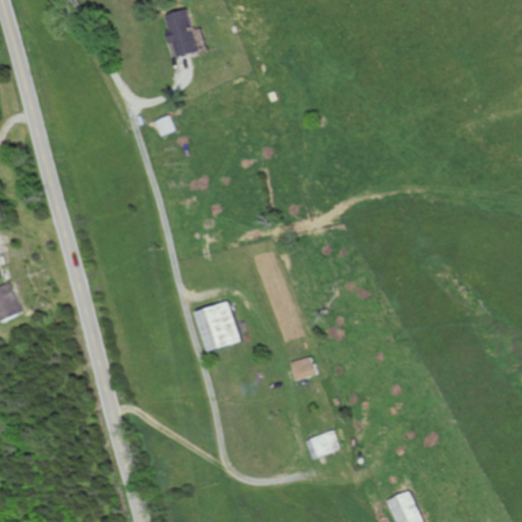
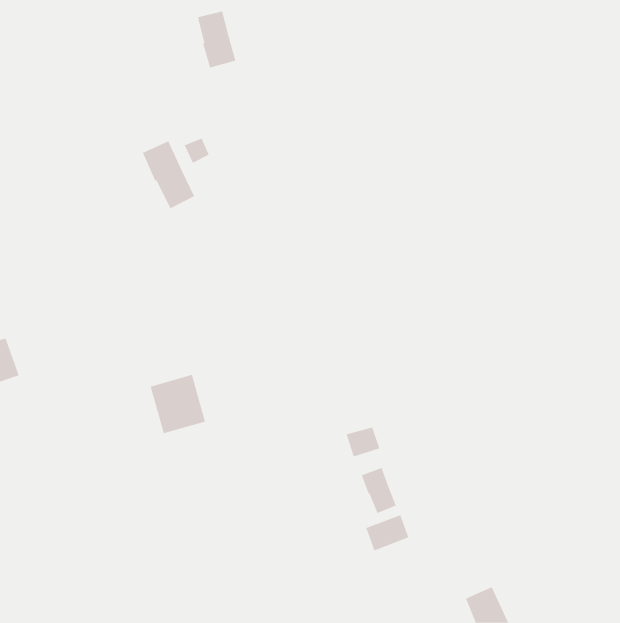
building: none -> [142,140,195,209]
building: [192,302,239,352] -> [150,374,206,434]
building: none -> [361,467,396,514]

